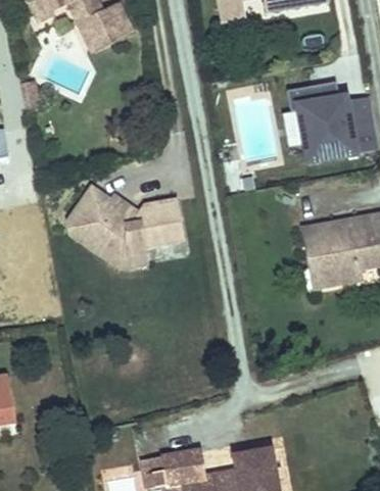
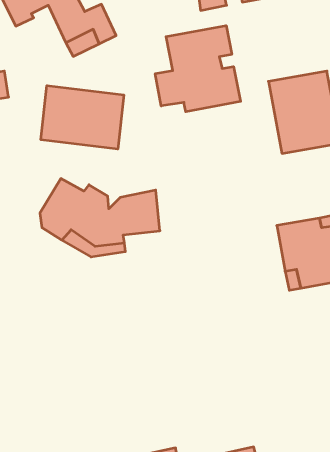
building: none -> [155,26,241,112]
building: none -> [41,86,124,149]

